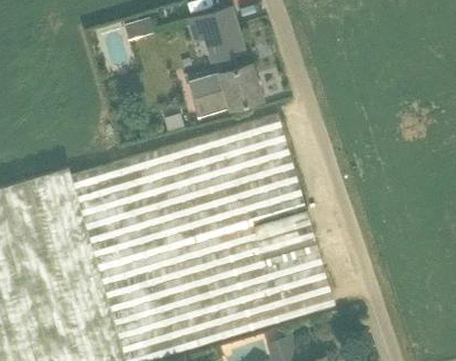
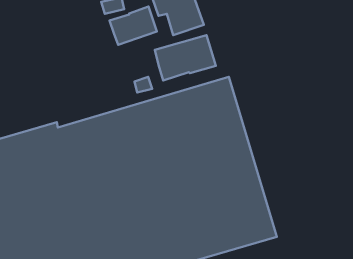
building: none -> [109,7,157,45]

